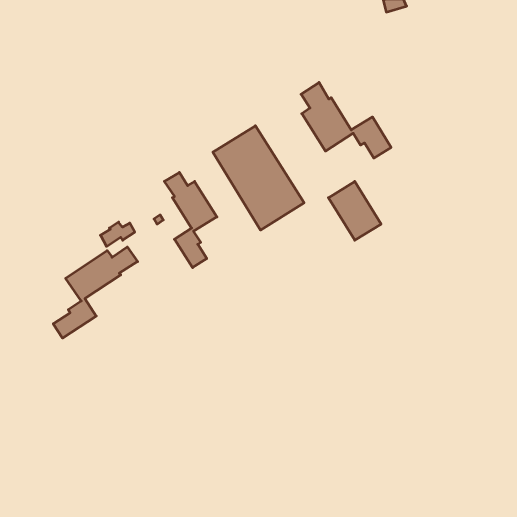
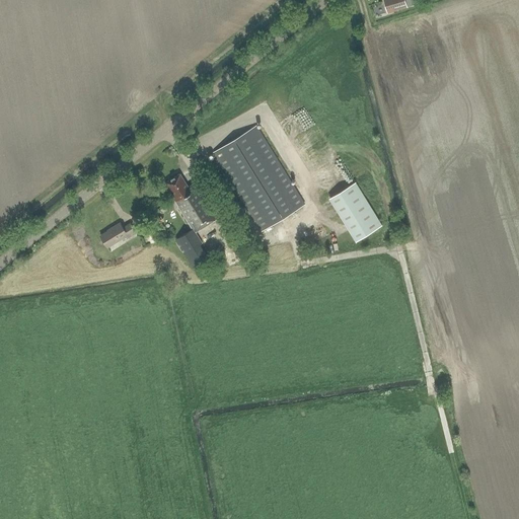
building: [301,82,391,158] -> none
building: [53,247,138,338] -> none

